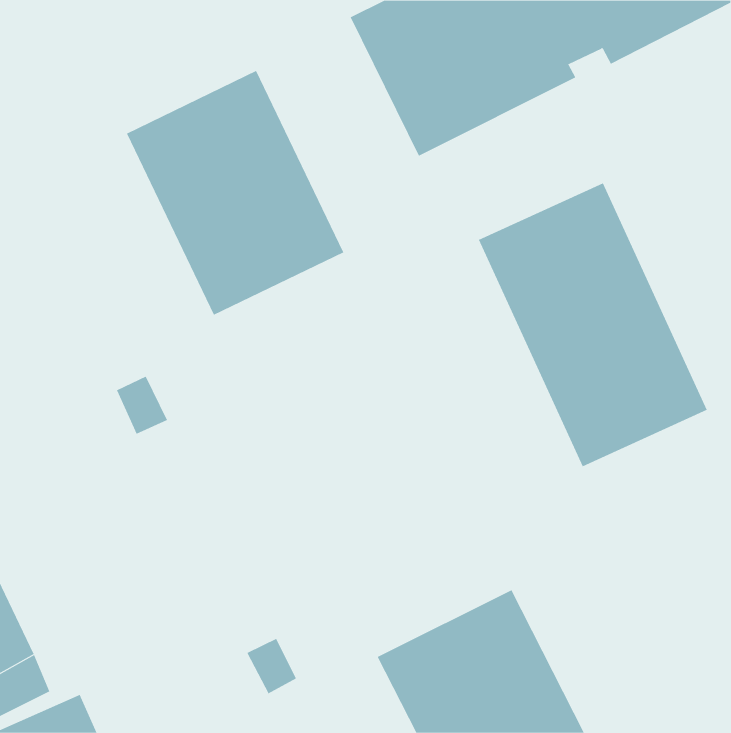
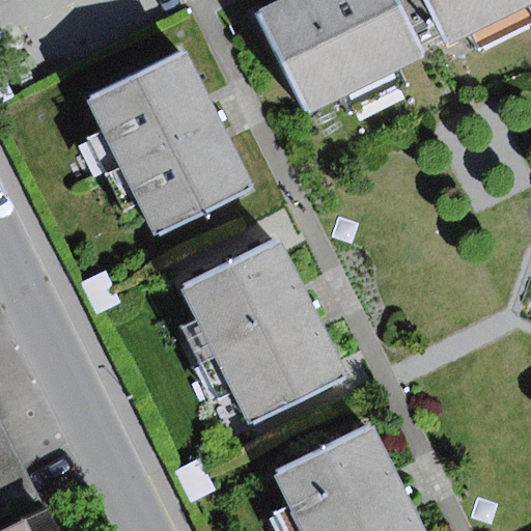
building: [478,183,707,467] -> none
building: none -> [183,241,344,422]

